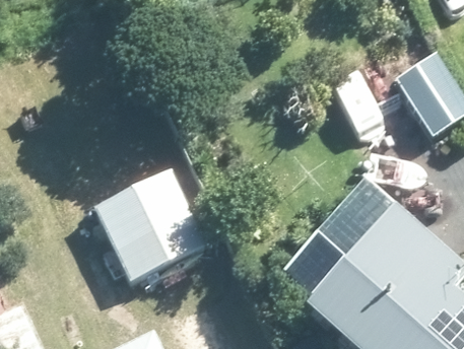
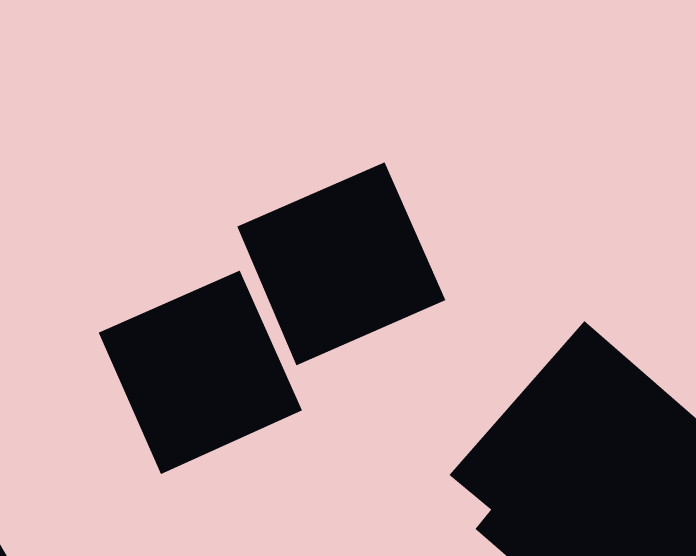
building: none -> [236,162,446,366]

